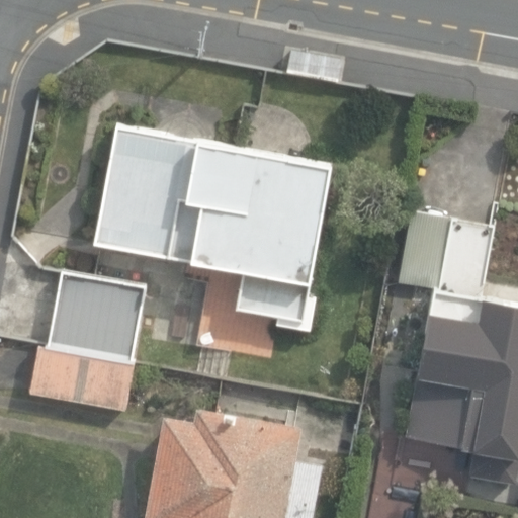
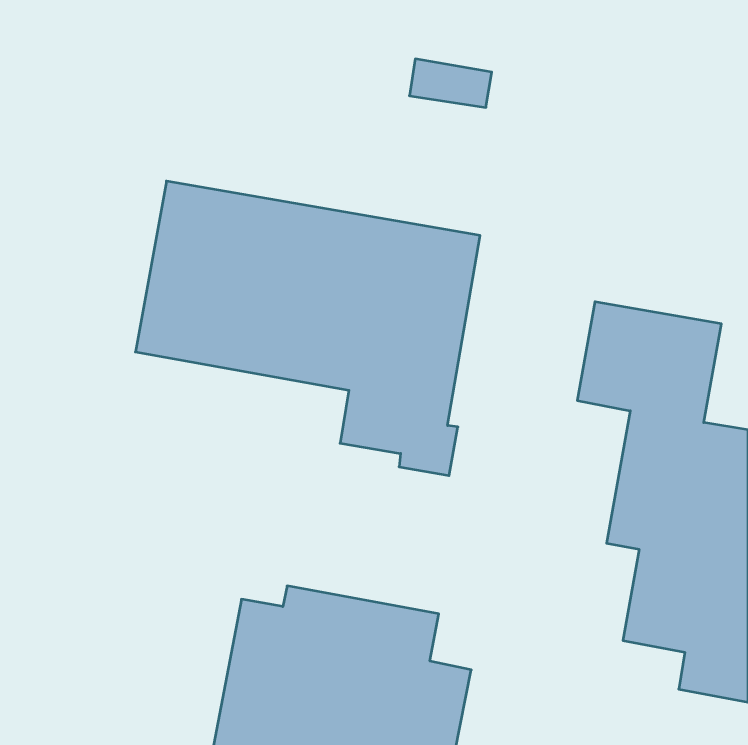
building: [30,273,147,413] -> none

